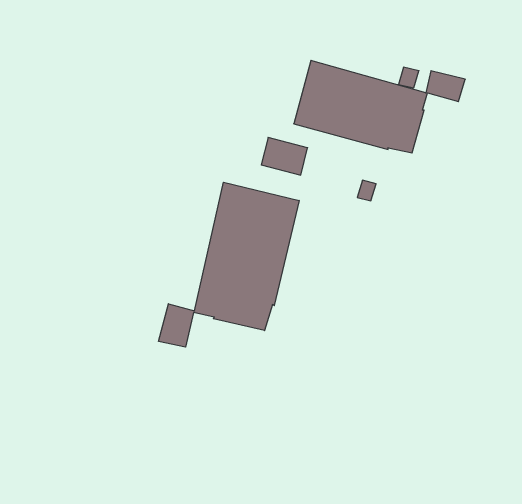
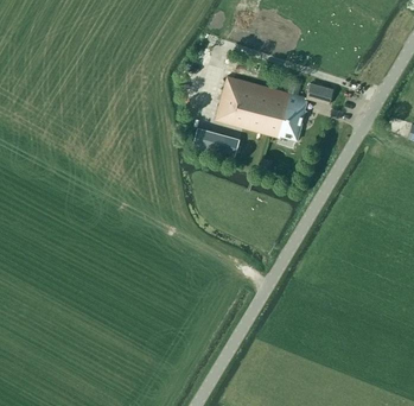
building: [159,182,299,347] -> none

